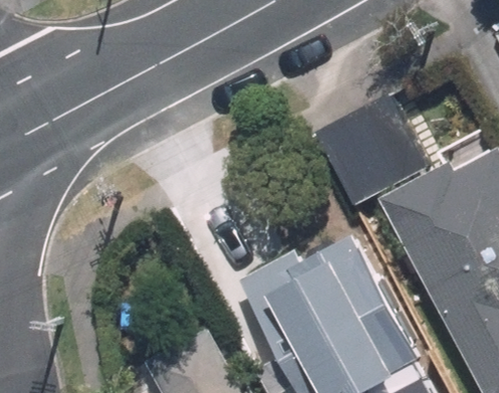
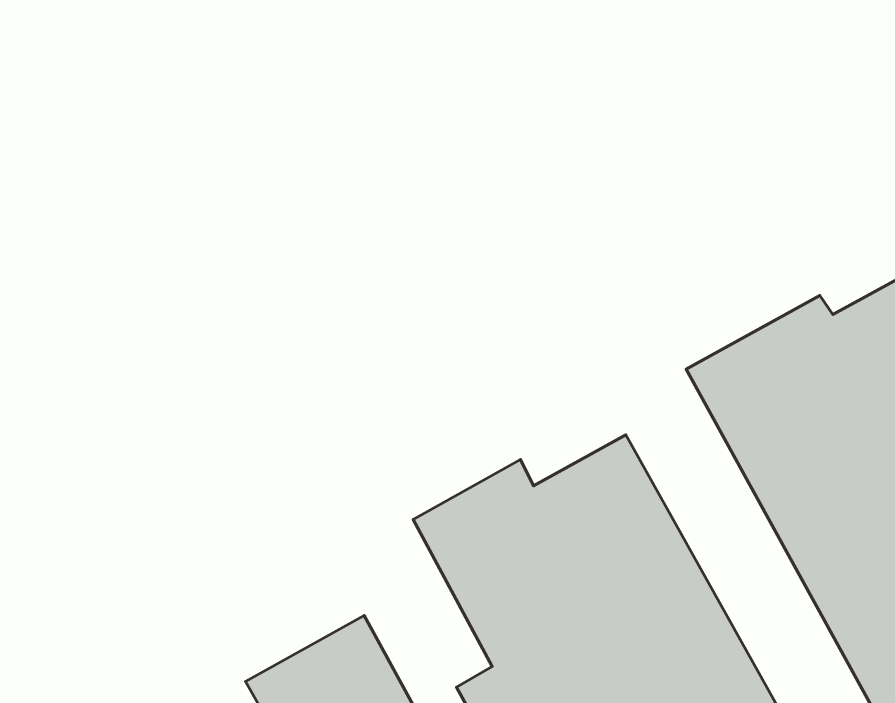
building: [314,96,429,208] -> none

